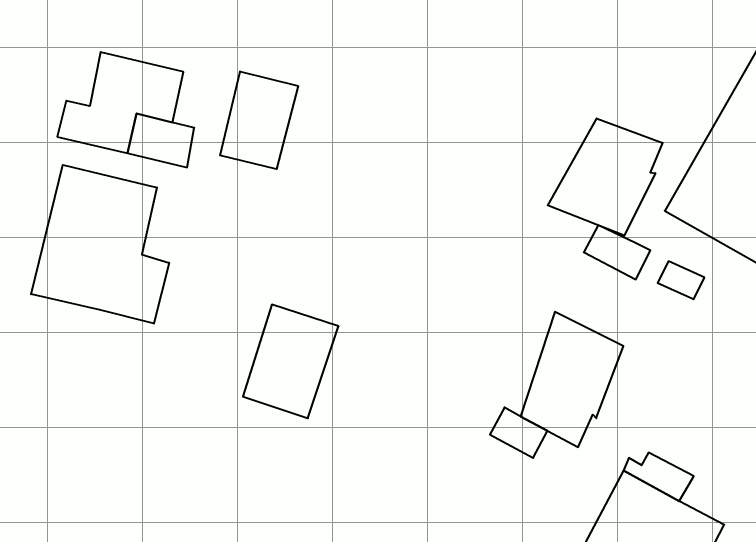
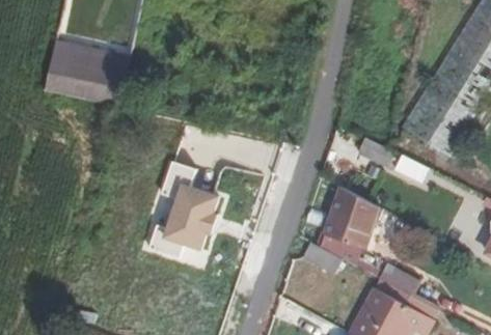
building: [220,71,298,169] -> none
building: [548,118,663,236] -> none
building: [31,165,169,324] -> none

